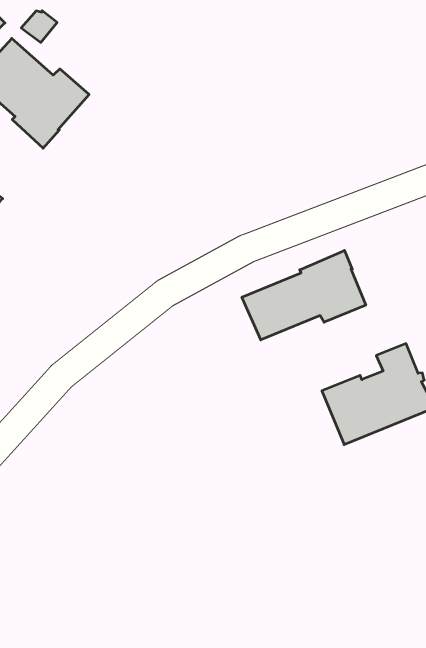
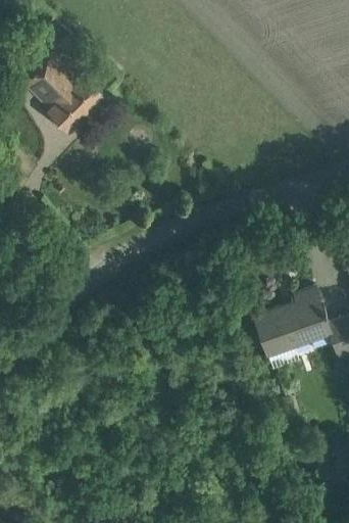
building: [242,250,366,340] -> none

